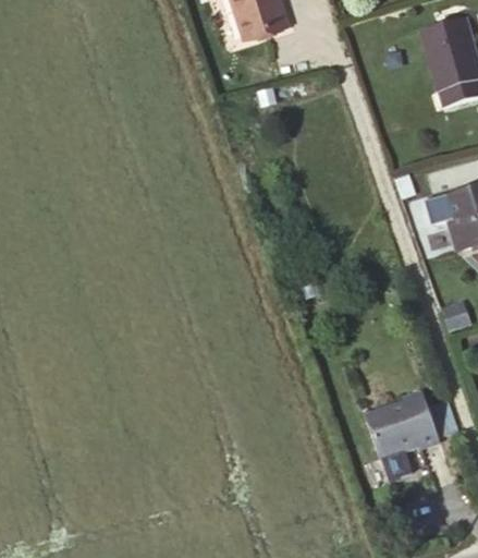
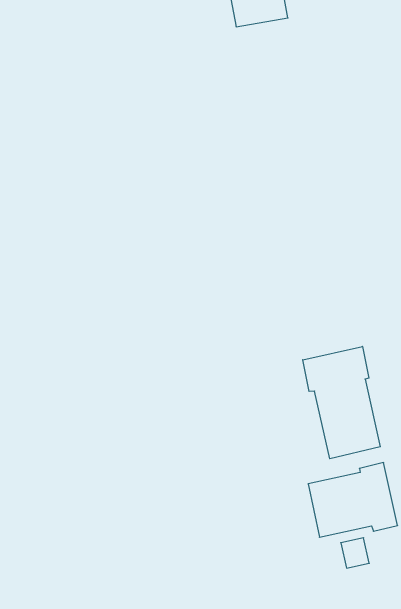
building: none -> [303,346,380,459]

